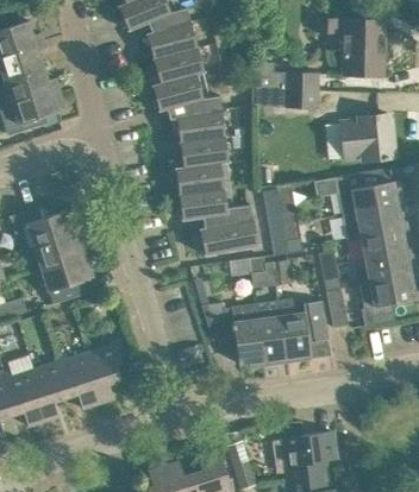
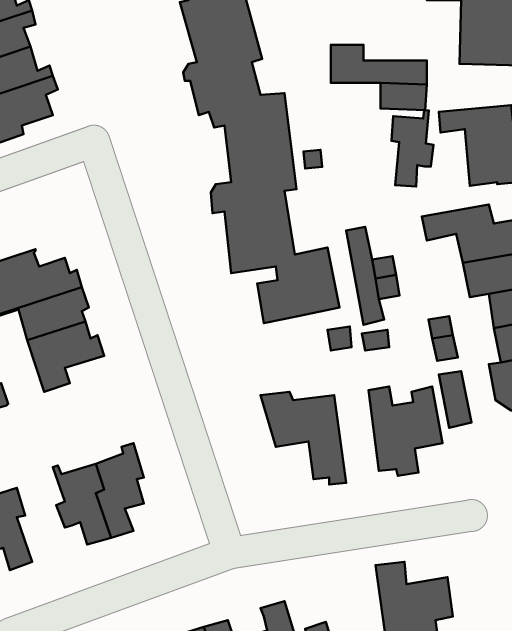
building: none -> [391,110,433,186]
building: [254,302,284,366] -> none
building: [33,355,67,421] -> none

